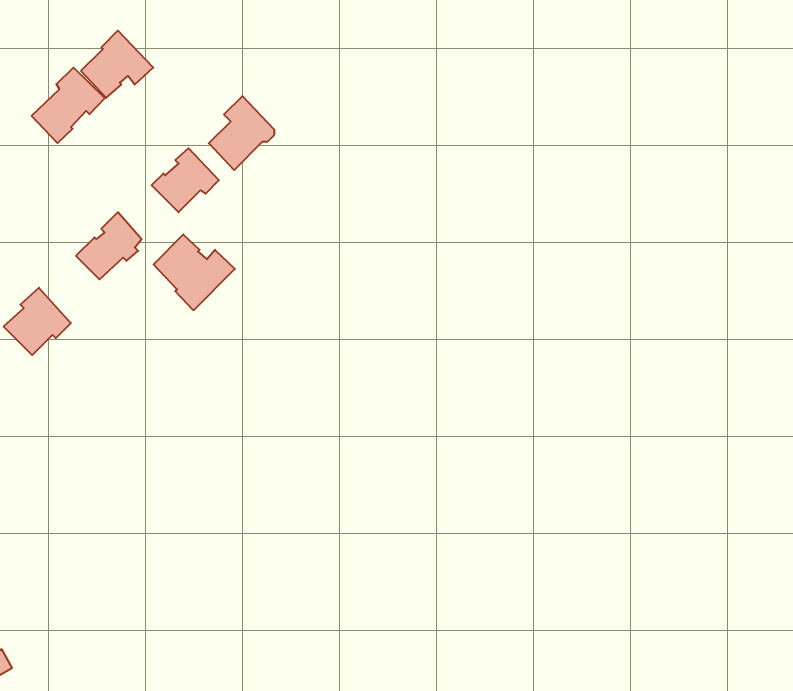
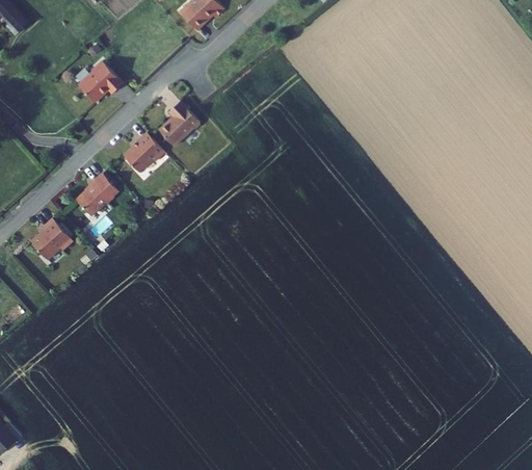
building: [32,68,105,143] -> none
building: [154,234,235,310] -> none

